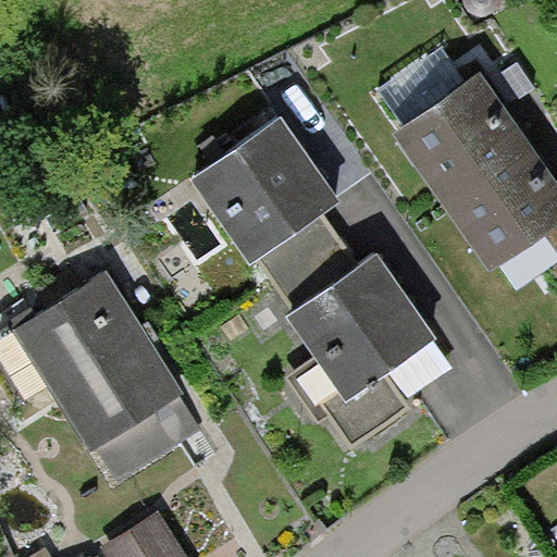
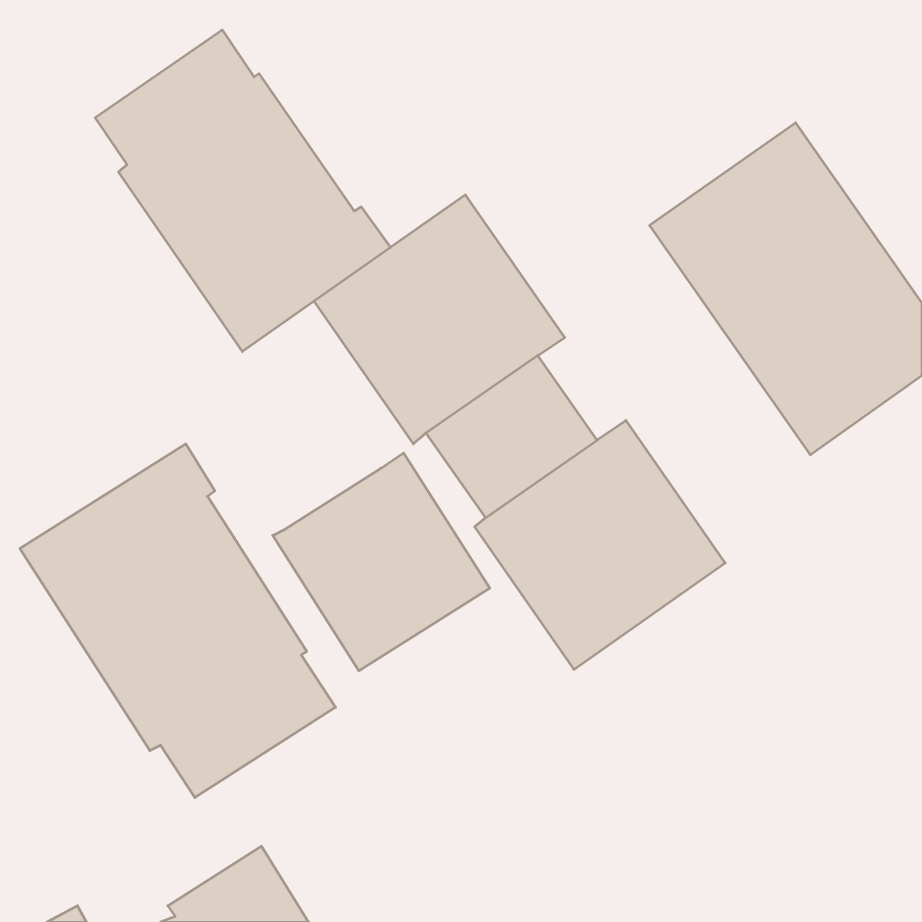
building: none -> [95,30,390,352]
building: none -> [273,453,490,671]

